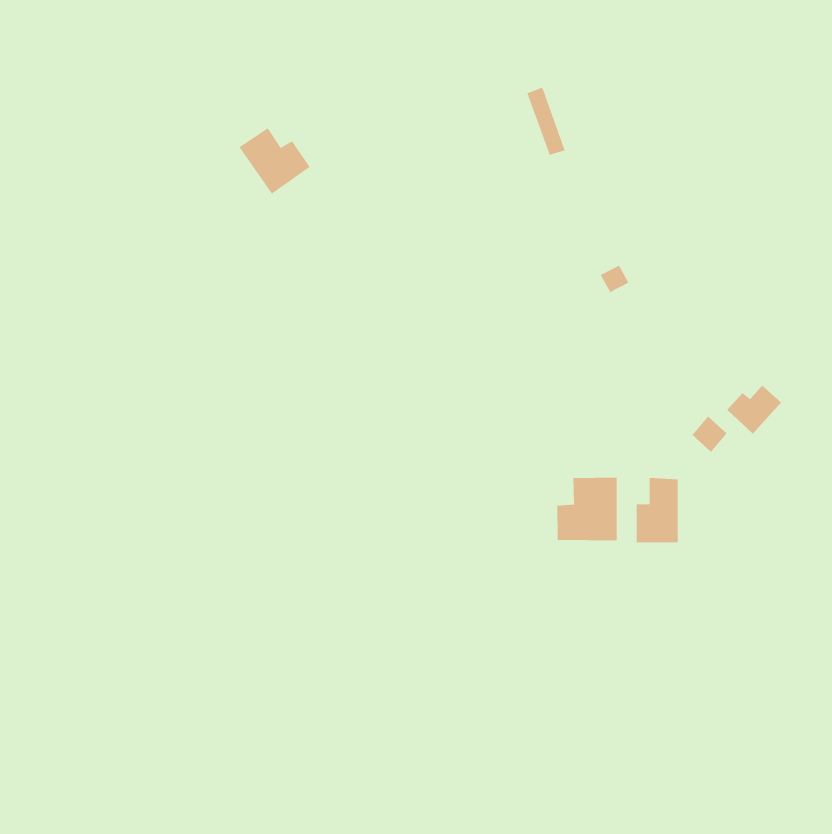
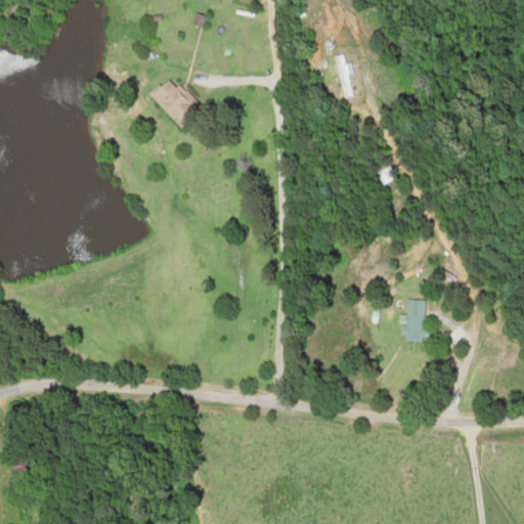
building: [726,385,782,435] -> none
building: [557,477,617,541] -> none

